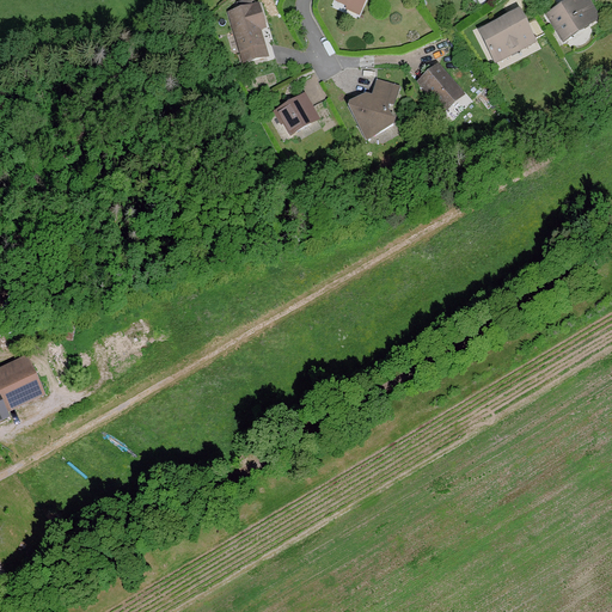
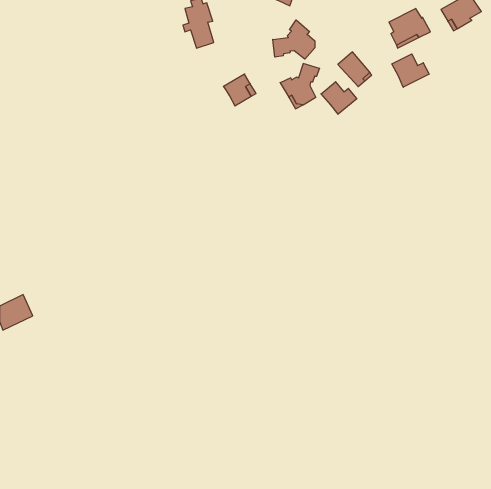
building: none -> [273,20,315,59]
building: none -> [392,54,429,87]
building: none -> [321,82,357,114]

